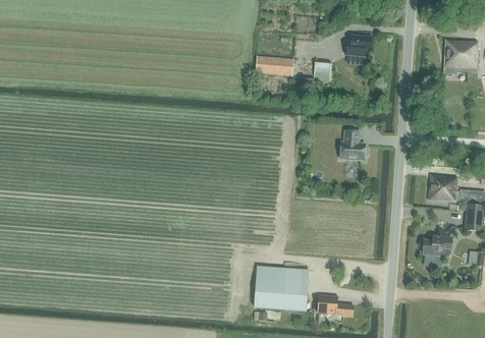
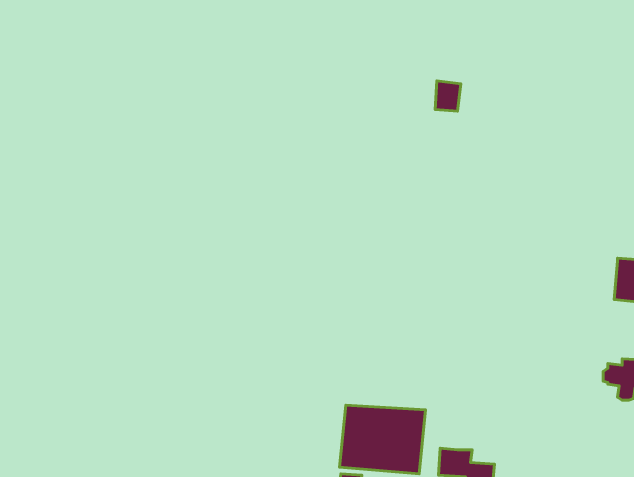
building: [345,35,371,57] -> none
building: [256,56,292,75] -> none
building: [339,129,366,159] -> none

